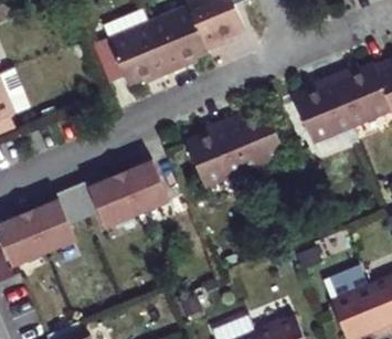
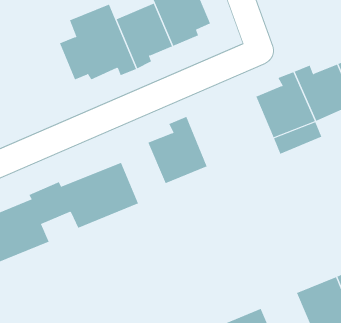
building: [222,110,283,169] -> none

